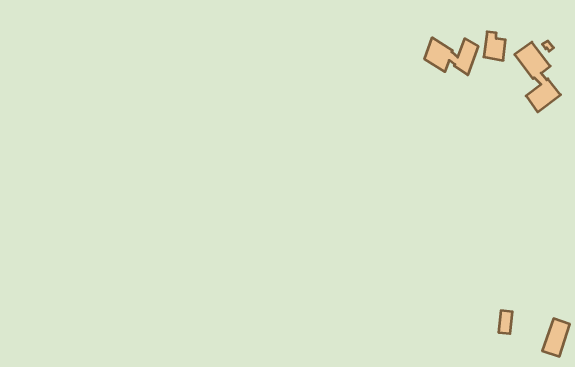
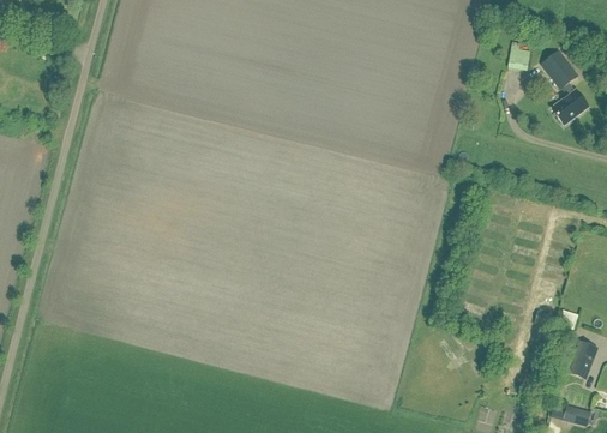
building: [425,38,478,75] -> none

